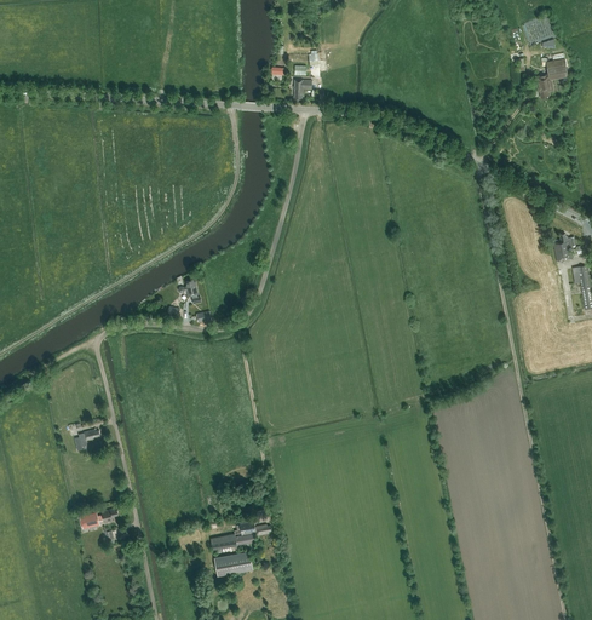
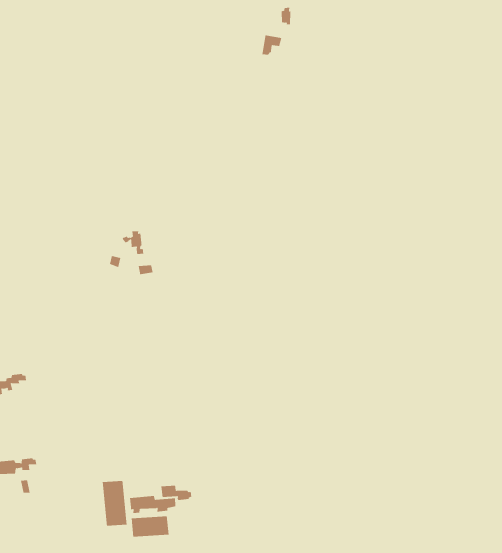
building: none -> [102,480,127,527]

